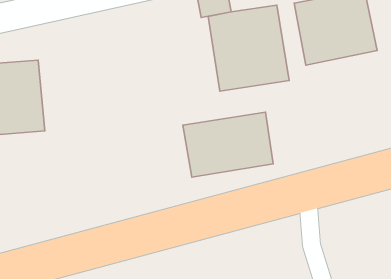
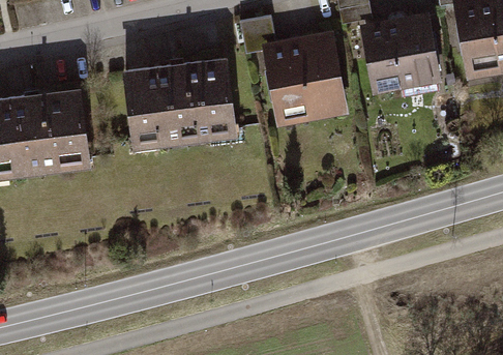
building: none -> [119,59,237,150]
building: [183,112,273,177] -> none

